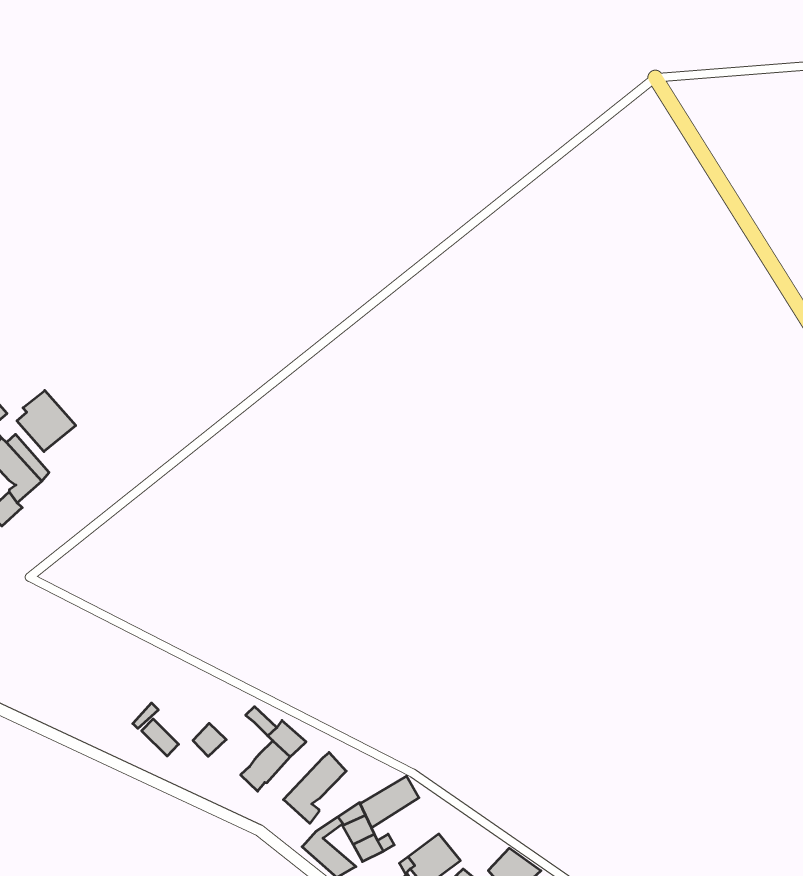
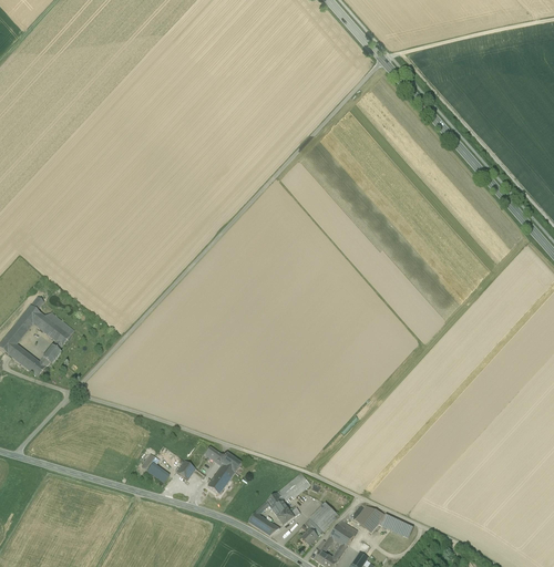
building: [17,390,76,452] -> none
building: [283,752,346,823] -> none

